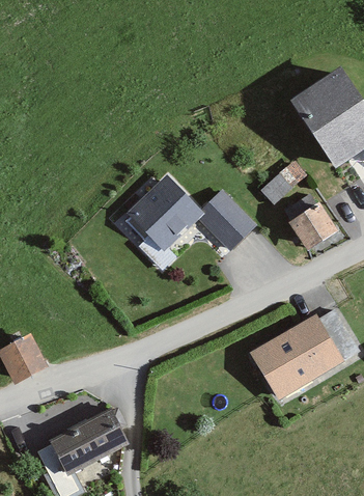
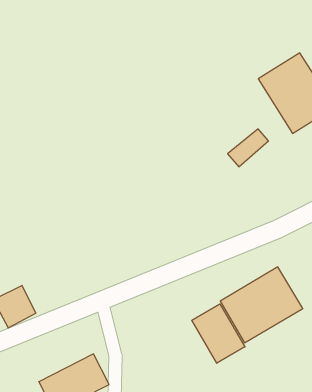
building: [129,175,251,249] -> none
building: [286,200,335,248] -> none
building: none -> [192,304,245,363]

